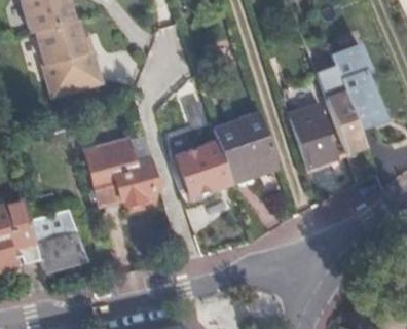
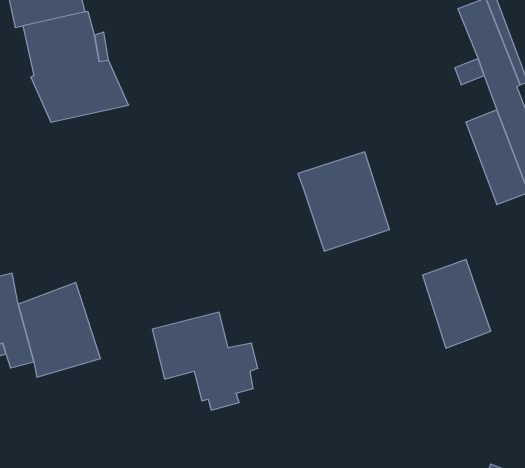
building: [292,108,337,167] -> [423,260,491,348]
building: [89,145,159,210] -> [152,312,258,410]
building: [178,145,234,200] -> none

